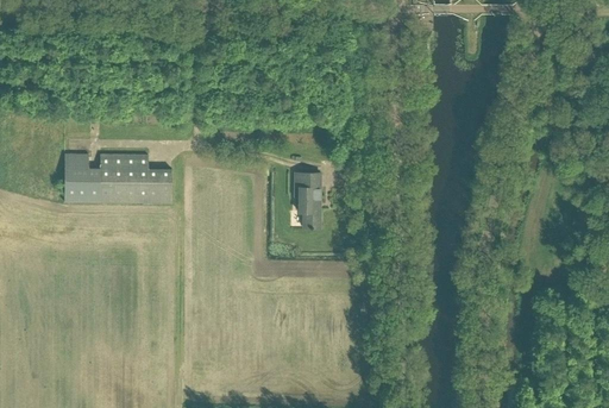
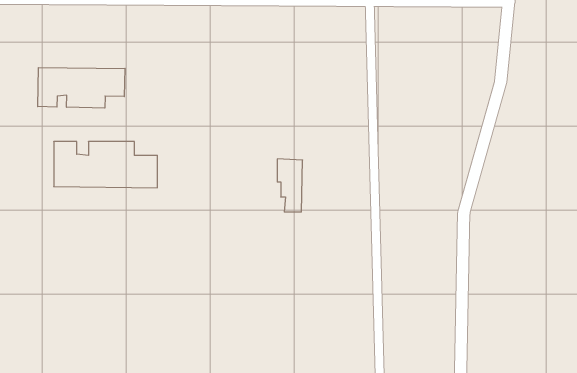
building: none -> [38,68,125,108]

